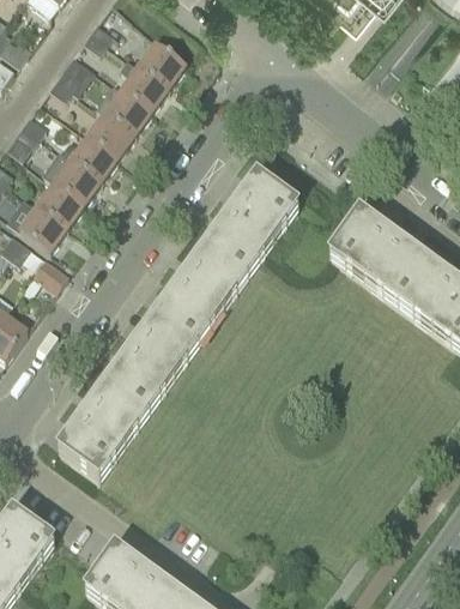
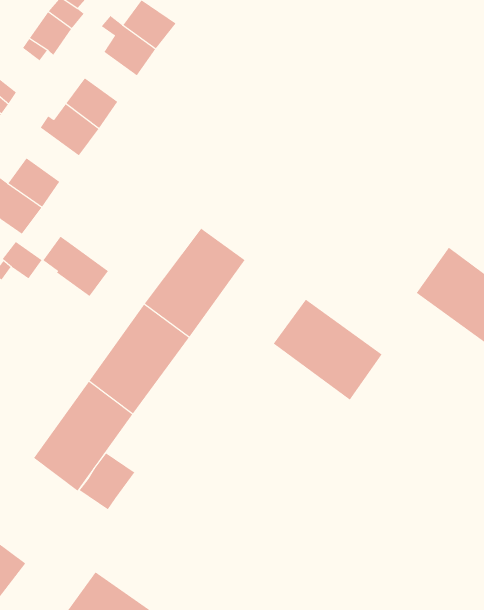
building: [96,83,151,134] -> none
building: [41,151,99,205] -> [43,236,109,297]
building: [207,176,296,275] -> none
building: [329,213,426,303] -> [273,299,383,400]
building: none -> [79,452,135,510]

